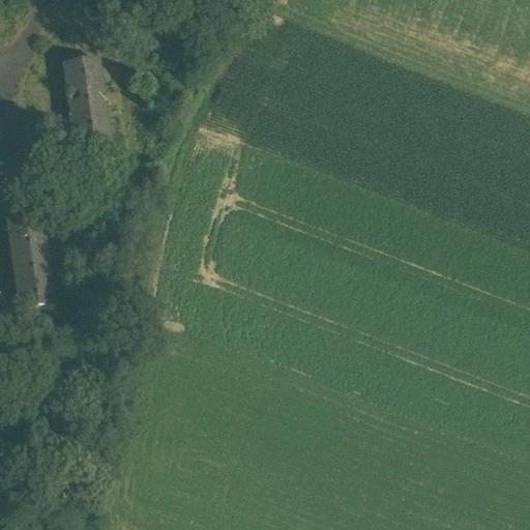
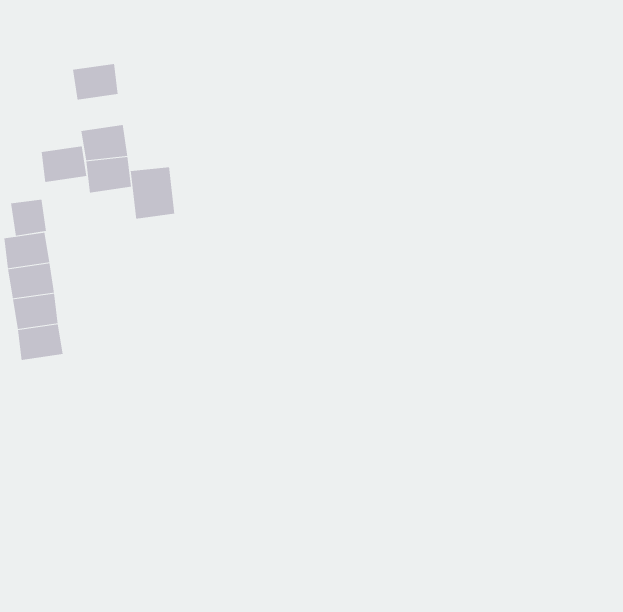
building: [66,80,106,111] -> [41,146,87,182]
building: none -> [130,166,175,220]
building: none -> [11,199,46,236]

